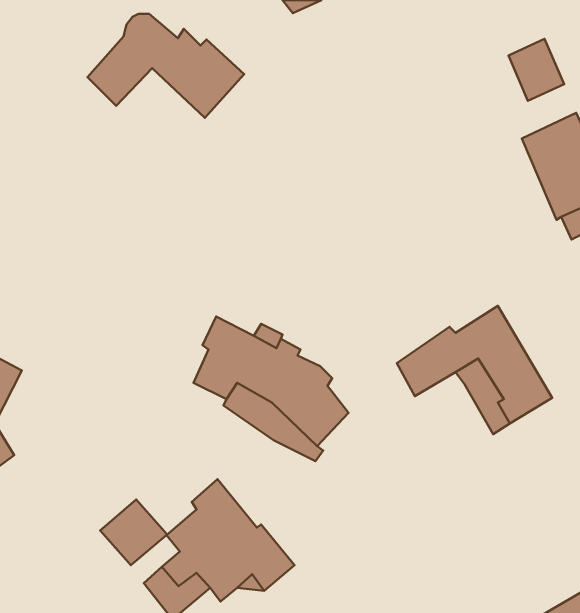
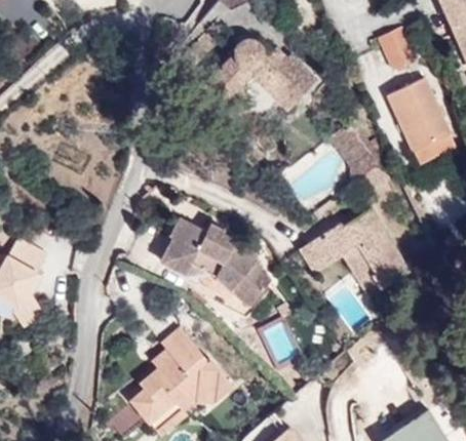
building: [87,14,244,118] -> [207,39,314,110]
building: none -> [329,126,375,183]
building: [100,500,167,565] -> none

